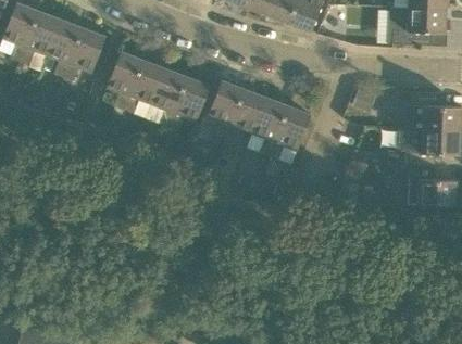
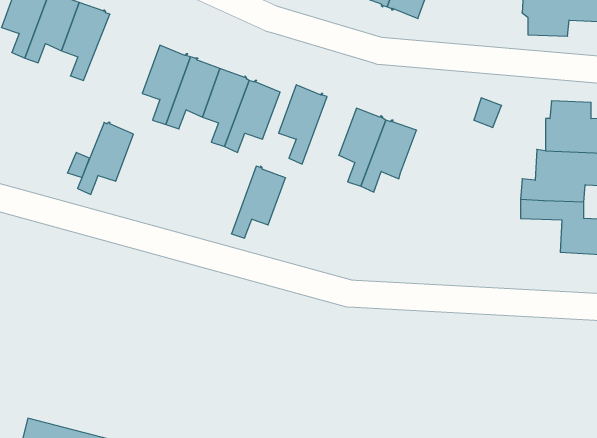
building: [64,28,105,81] -> [78,122,133,194]
building: [226,89,266,142] -> [231,166,286,238]

